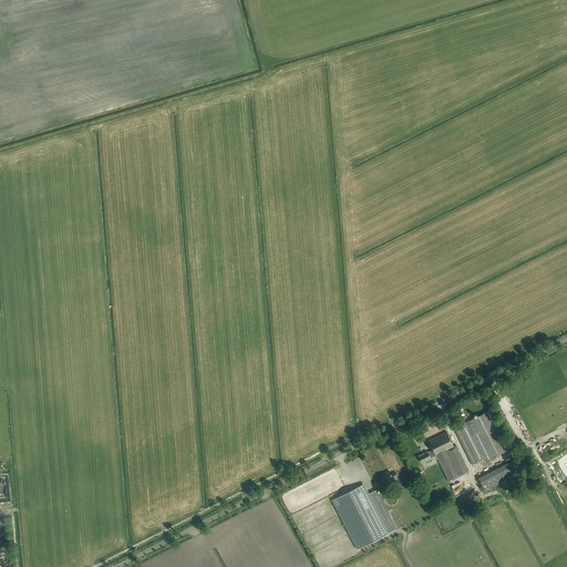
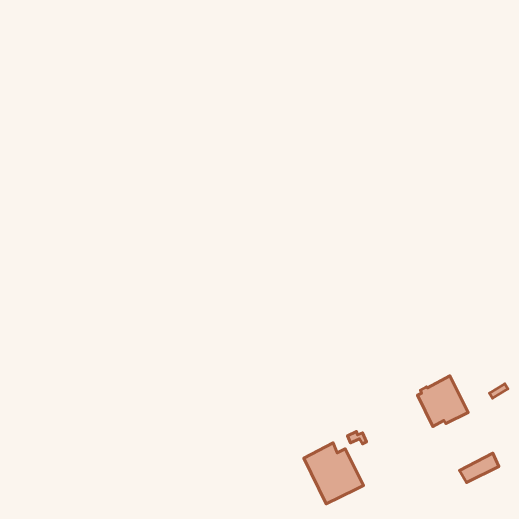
building: [419,431,470,482] -> none
building: [477,460,520,492] -> [459,453,499,483]

